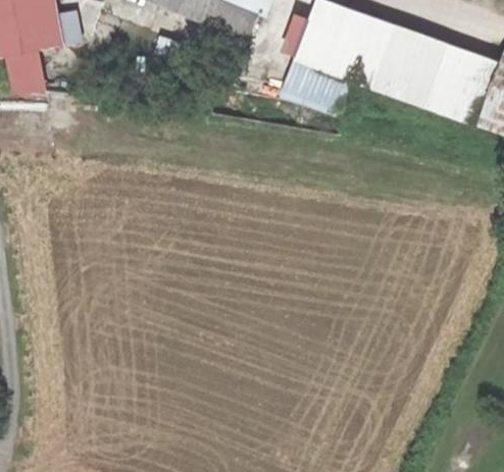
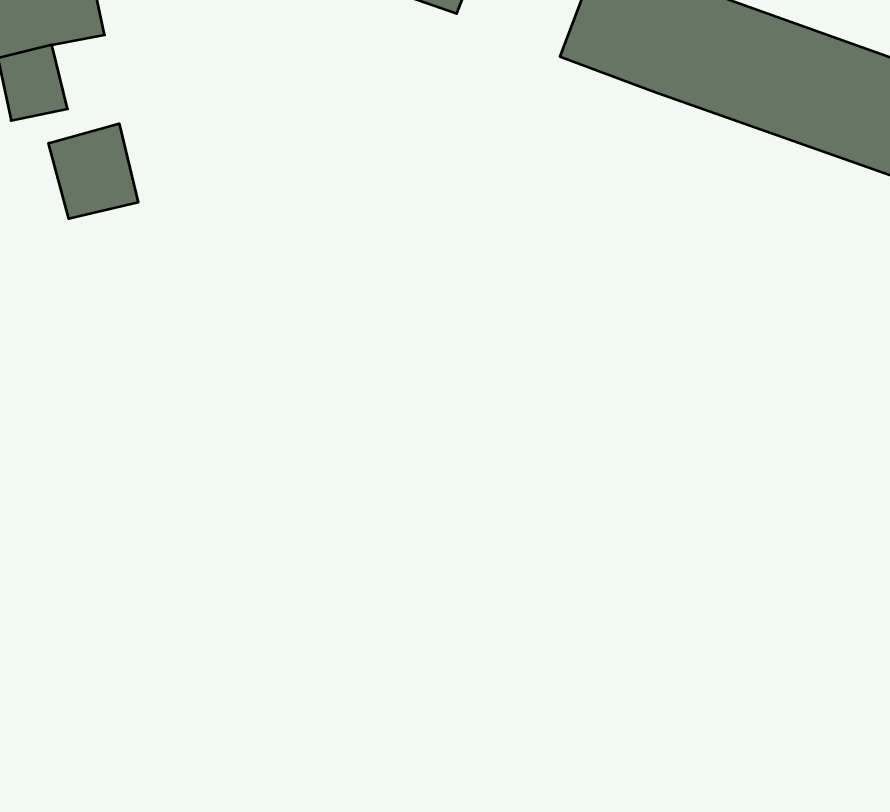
building: [285,57,349,108] -> none
building: none -> [49,124,138,219]

